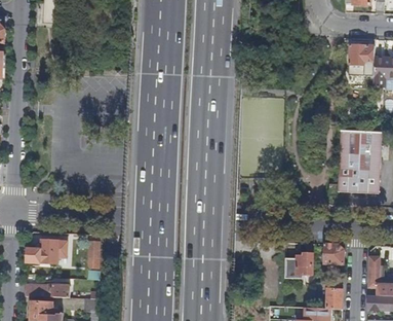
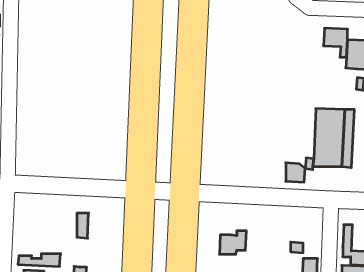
building: [27,239,57,262] -> none
building: [324,243,345,263] -> [286,163,305,182]
building: [284,253,313,278] -> [219,231,246,254]

